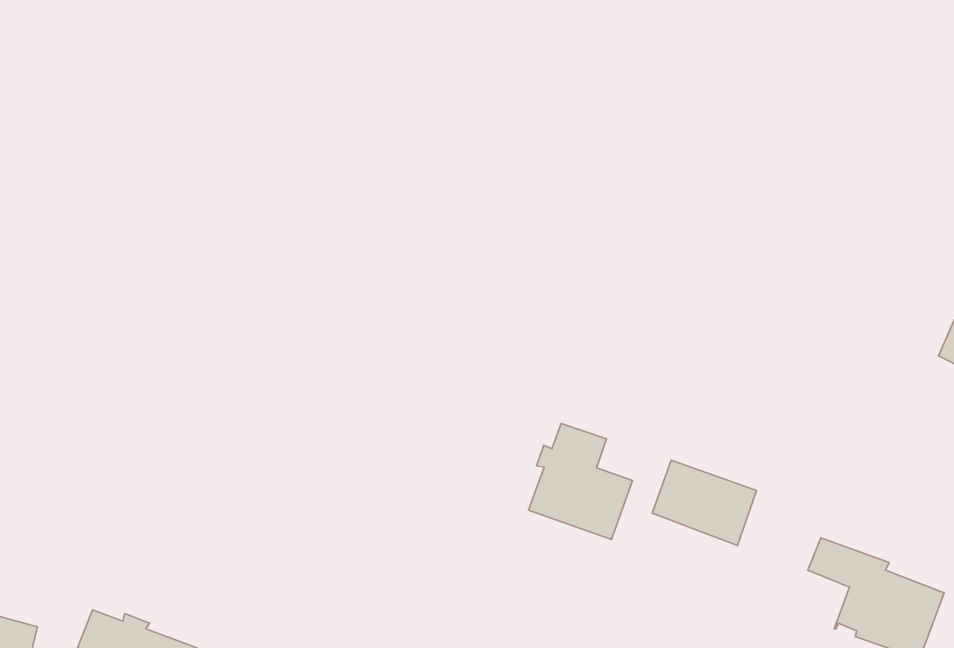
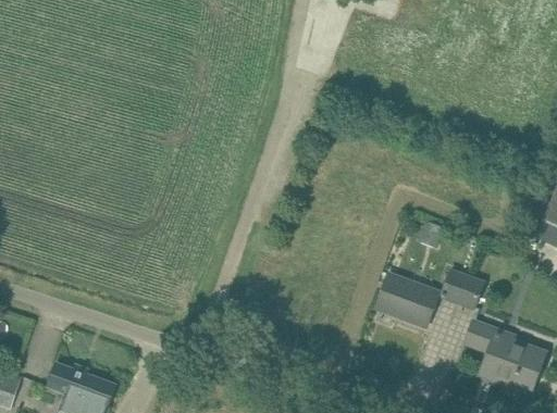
building: [529,423,632,539] -> none
building: none -> [440,267,483,308]

